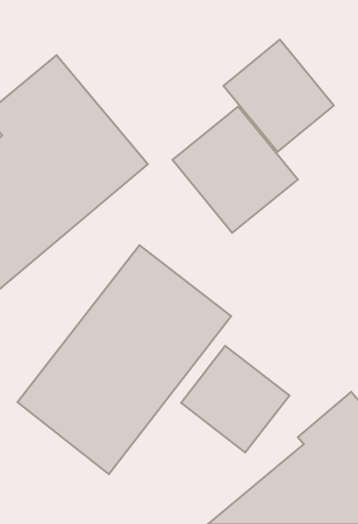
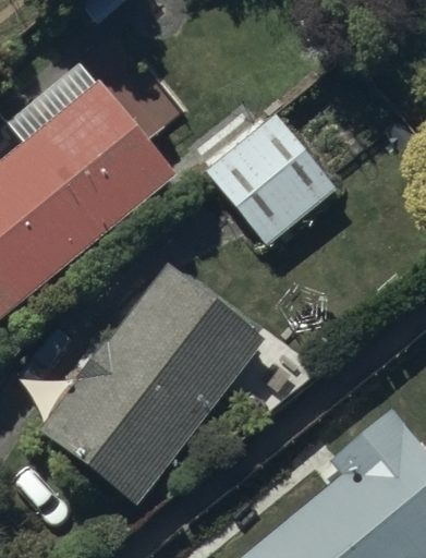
building: [224,40,334,152] -> none
building: [181,346,289,452] -> none

